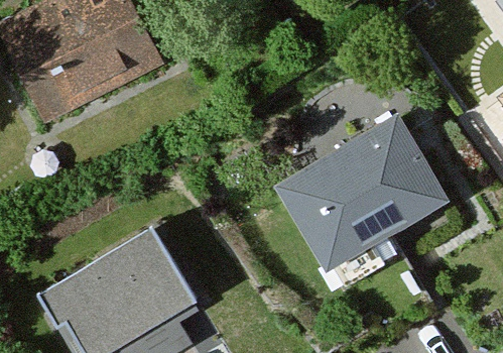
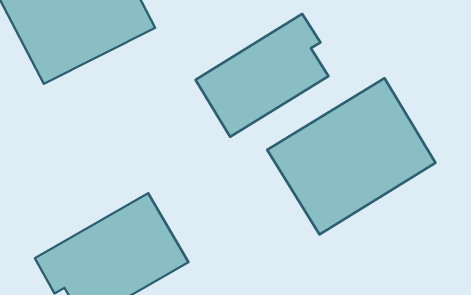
building: none -> [195,14,328,137]

